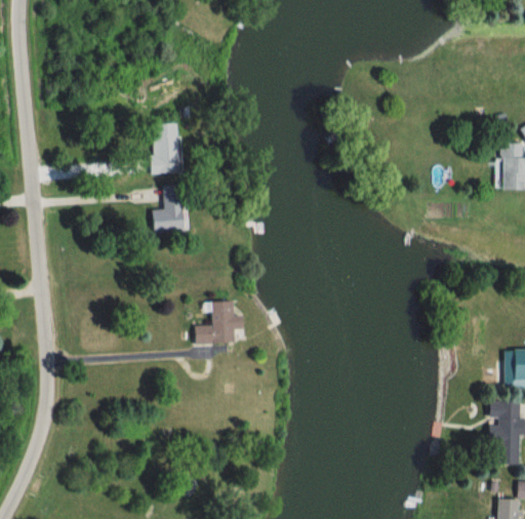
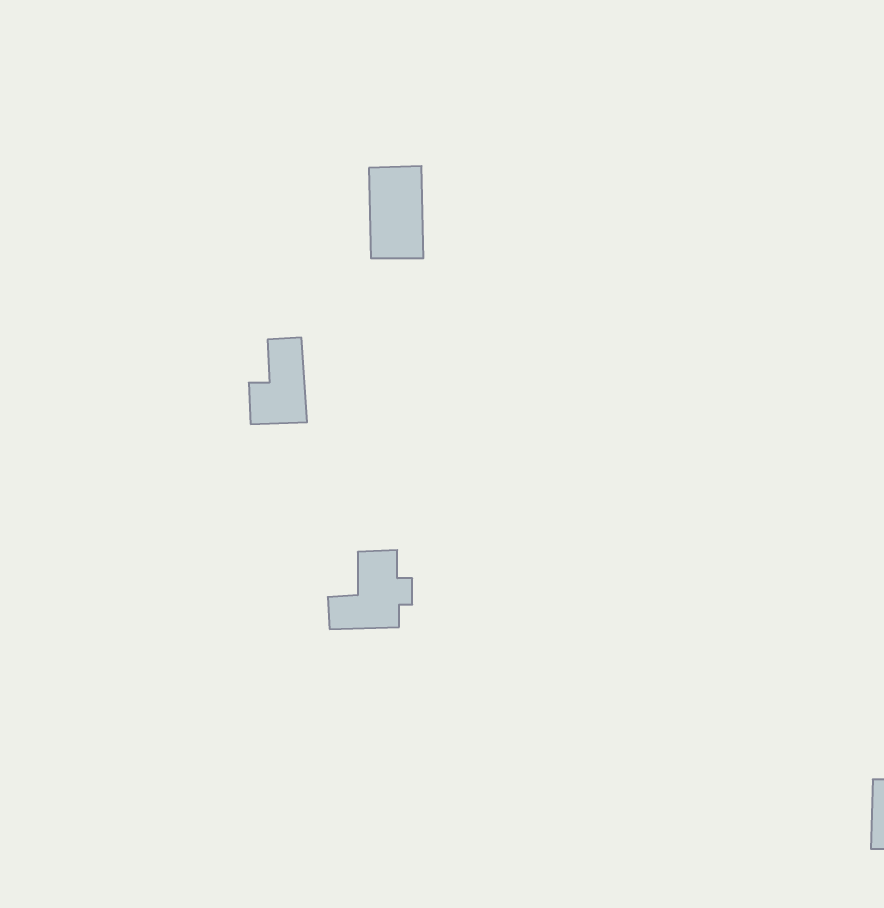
building: [151,122,180,172] -> [369,166,423,258]

